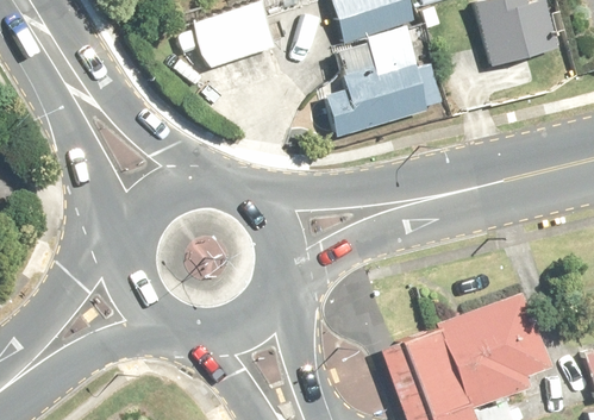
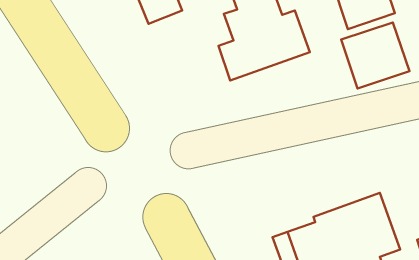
building: none -> [341,23,410,89]

